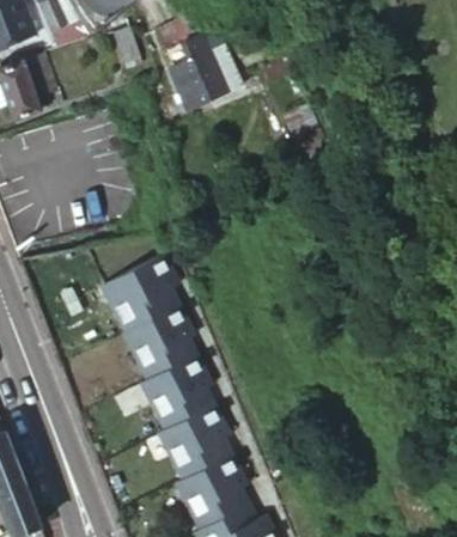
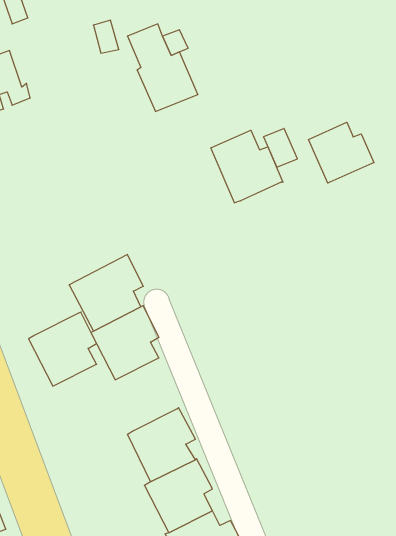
building: none -> [309,122,374,183]
building: none -> [211,130,283,203]
building: [141,352,208,425] -> [29,312,97,386]

